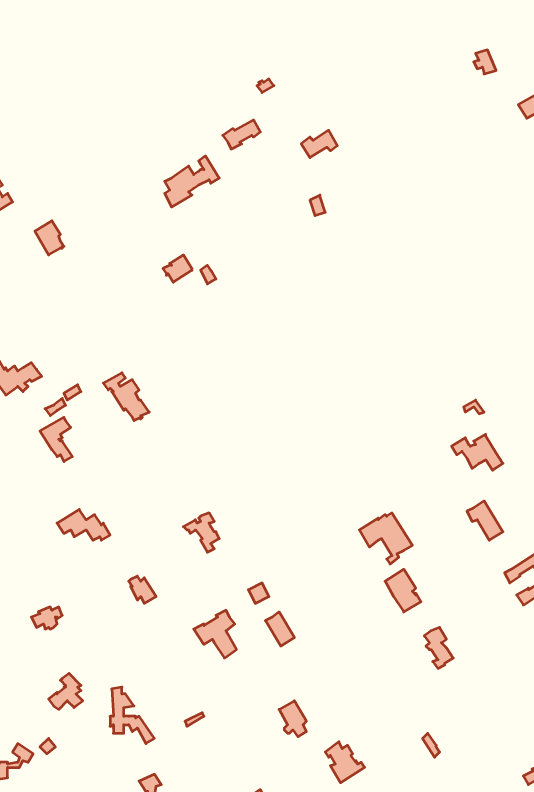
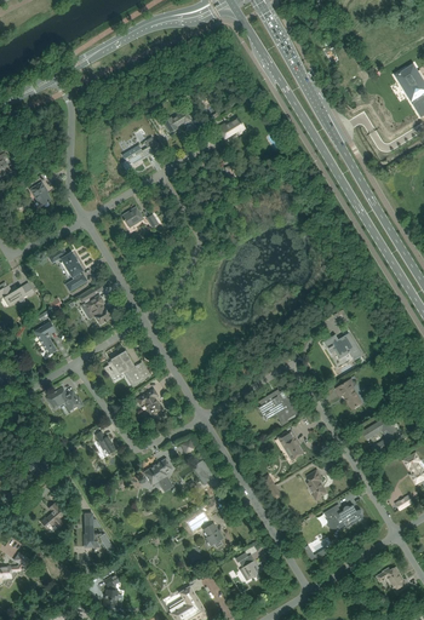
building: none -> [48,248,87,292]
building: none -> [104,351,150,386]
building: none -> [325,505,363,529]

